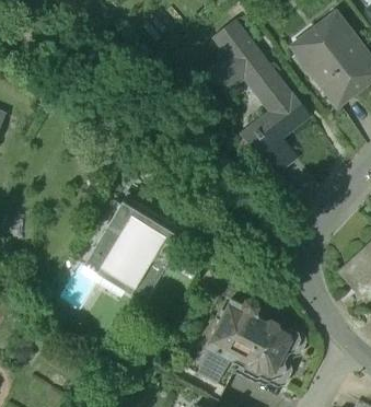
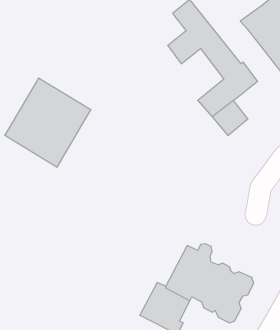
building: [84,201,182,302] -> [5,78,91,167]

